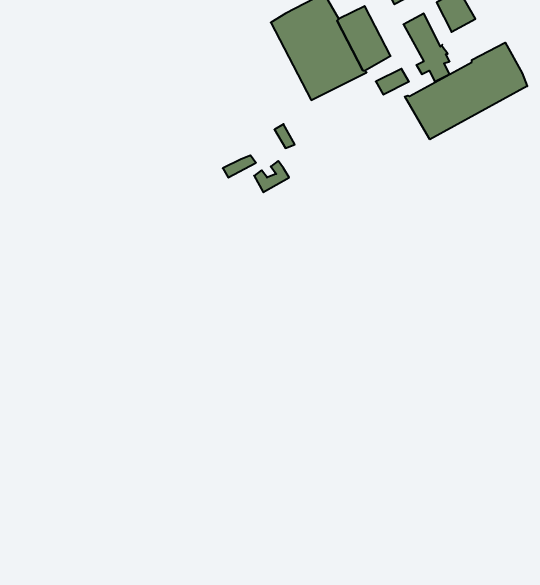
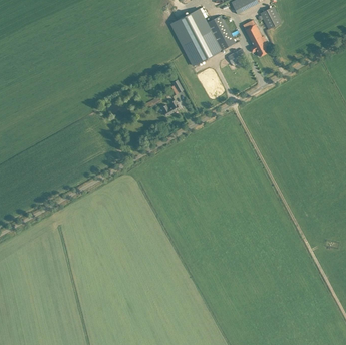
building: [405,43,527,139] -> none

